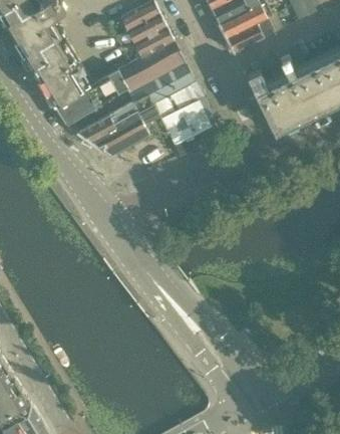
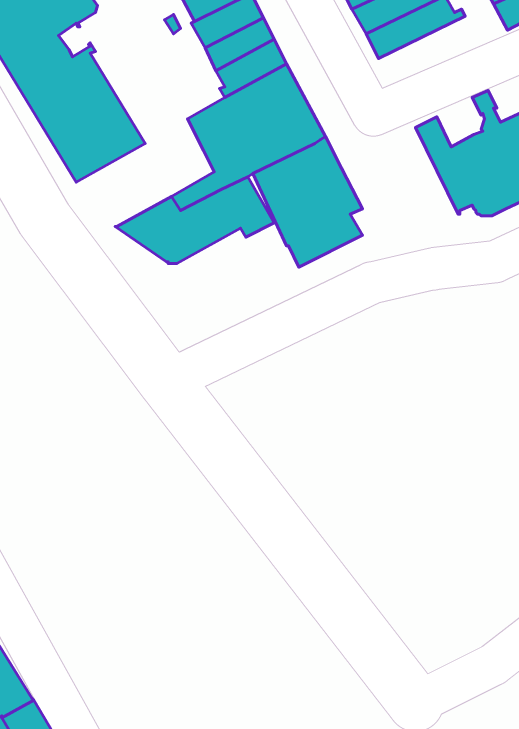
building: [226,14,278,53] -> none
building: [54,72,126,127] -> none

